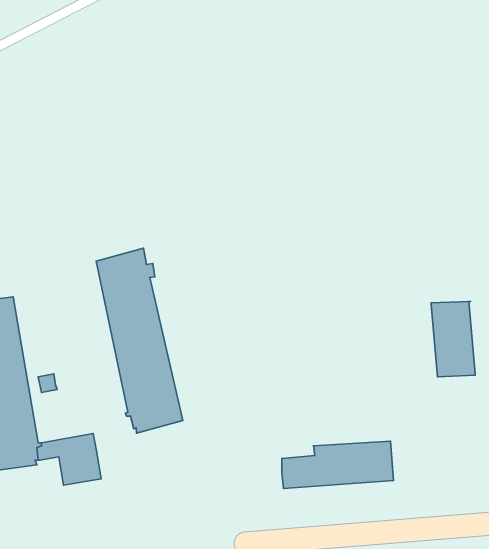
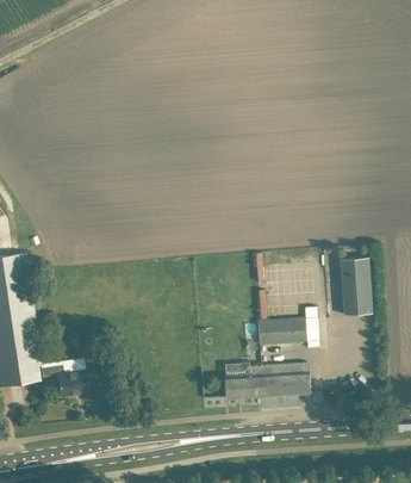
building: [96,248,183,433] -> none
building: none -> [247,310,307,348]

